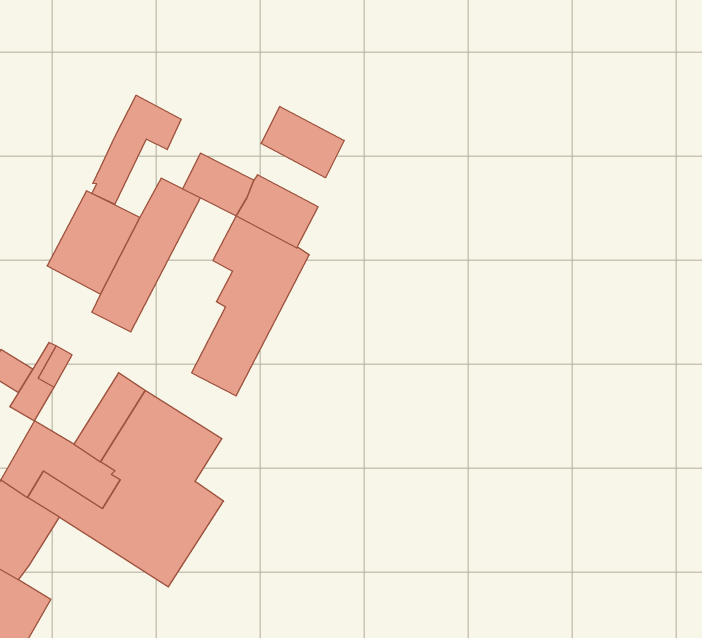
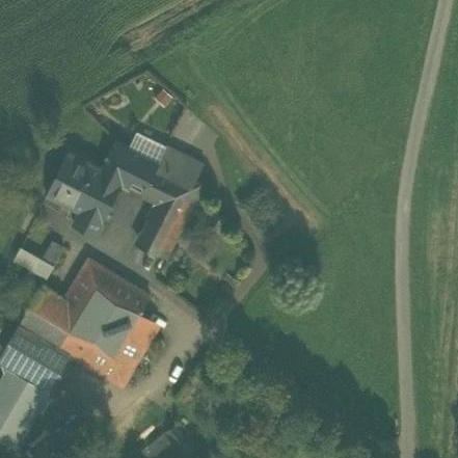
building: [92,95,181,204] -> none
building: [261,106,344,178] -> none
building: none -> [124,158,158,194]
building: none -> [31,344,75,393]

